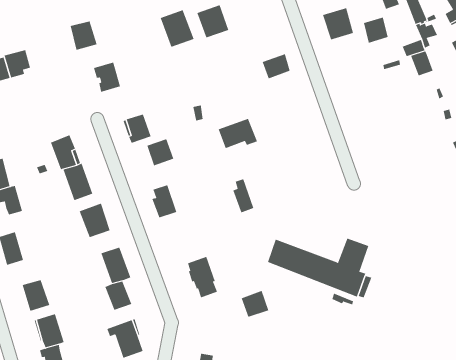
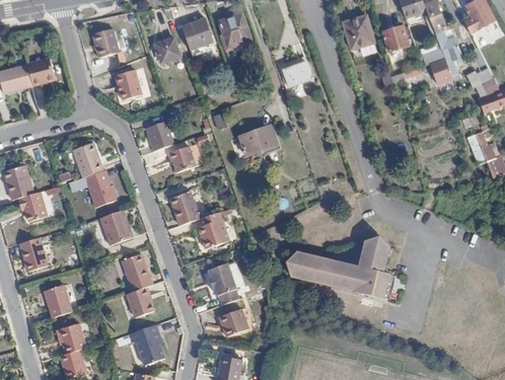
building: none -> [153,37,179,64]
building: [233,178,254,213] -> [198,215,219,249]
building: [241,290,269,318] -> [219,308,247,335]

